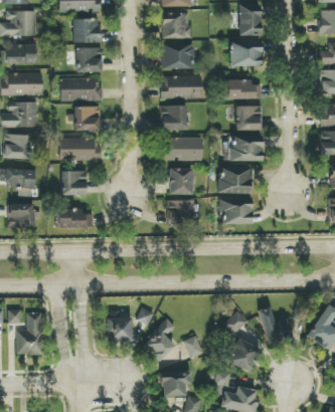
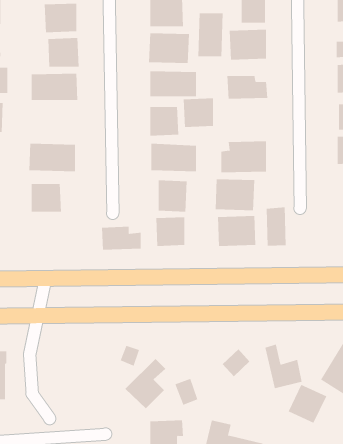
building: none -> [198,12,223,57]
building: [235,106,262,131] -> [183,98,214,127]
building: [73,107,100,131] -> none
building: none -> [266,206,286,247]
building: [58,208,93,228] -> [101,226,141,250]
building: [107,312,132,343] -> none
building: [227,339,261,372] -> [288,384,327,423]

